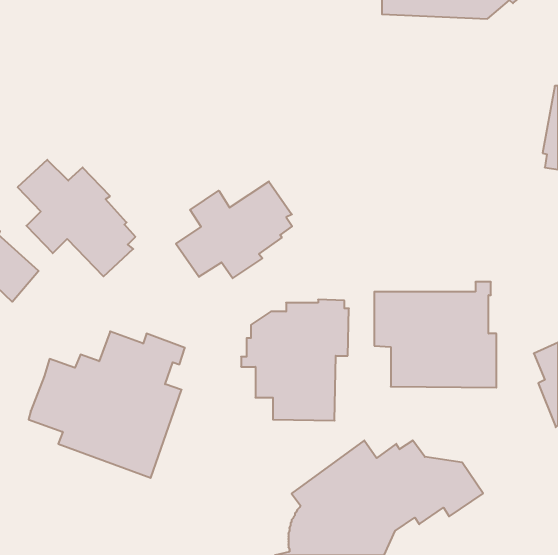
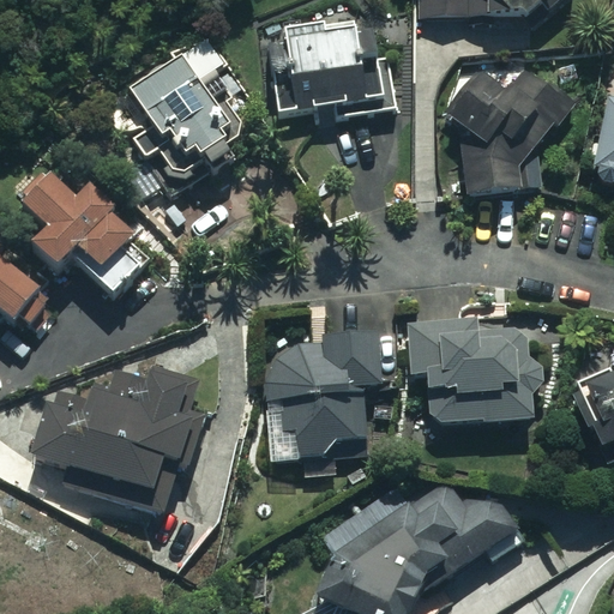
building: none -> [266,20,397,120]
building: none -> [128,52,235,193]
building: none -> [447,62,577,198]
building: [176,181,292,278] -> none

